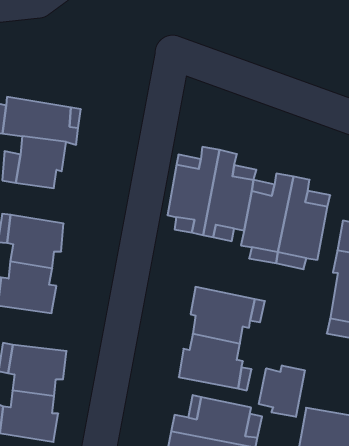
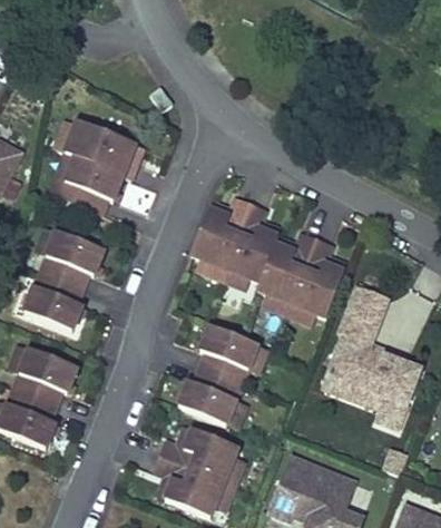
building: [259,365,305,417] -> none

